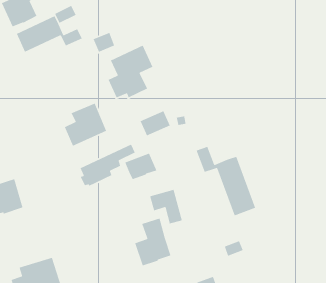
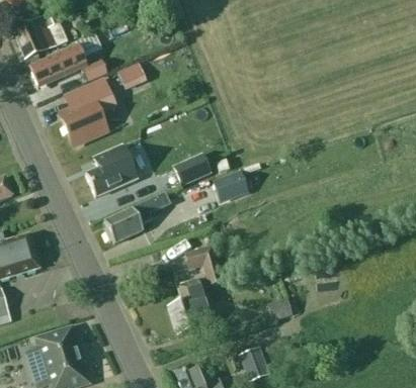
building: [107,44,154,99] -> [63,77,116,139]
building: [195,146,256,216] -> none
building: [124,152,157,180] -> [211,170,249,202]

